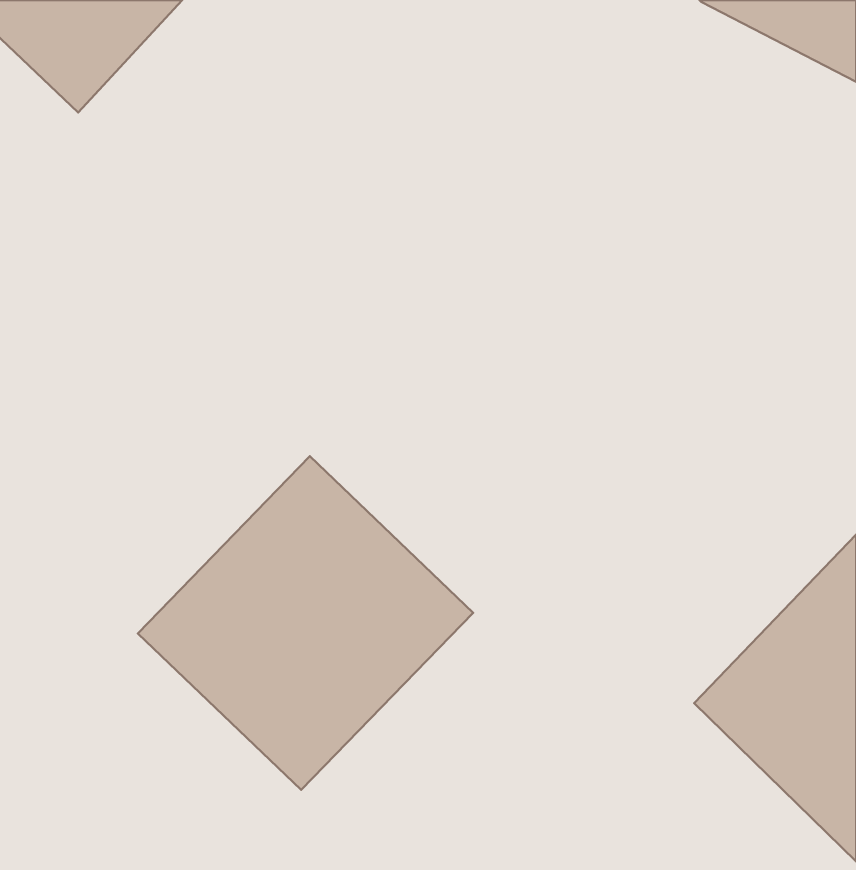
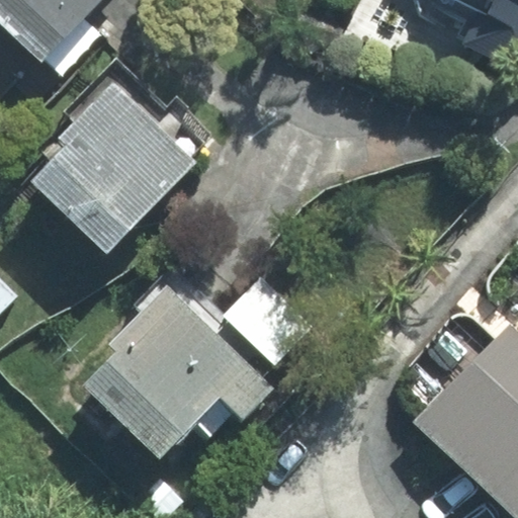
building: none -> [25,72,210,257]

